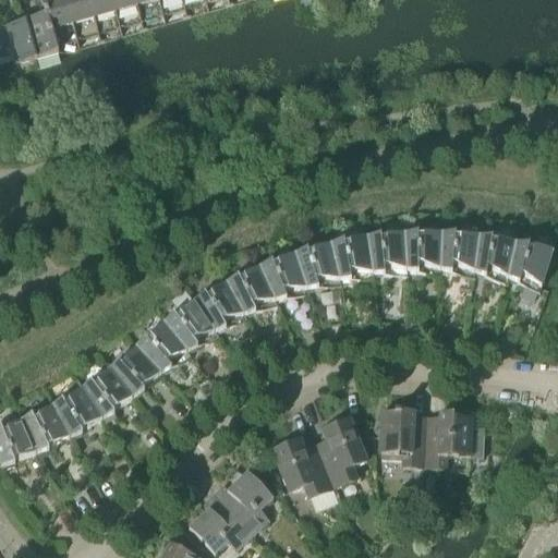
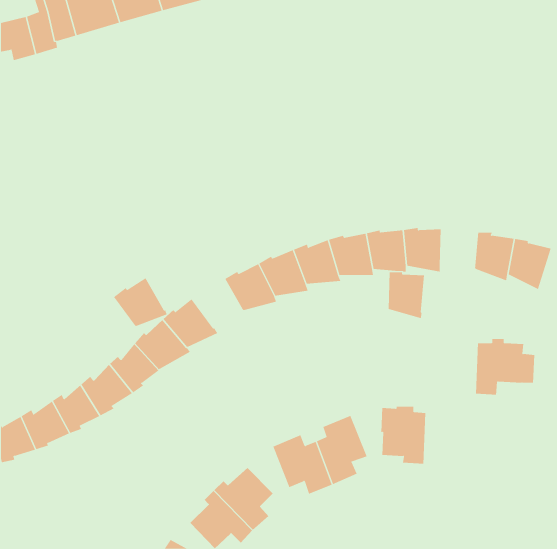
building: [440,229,477,276] -> [388,272,425,319]
building: [192,279,246,328] -> [113,277,168,326]
building: [424,409,484,465] -> [475,338,535,395]

